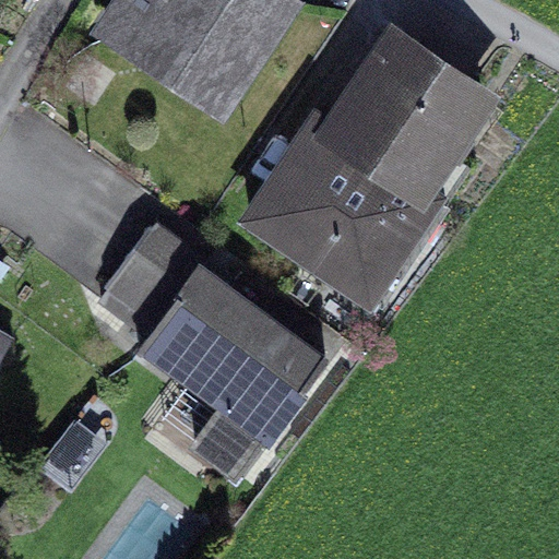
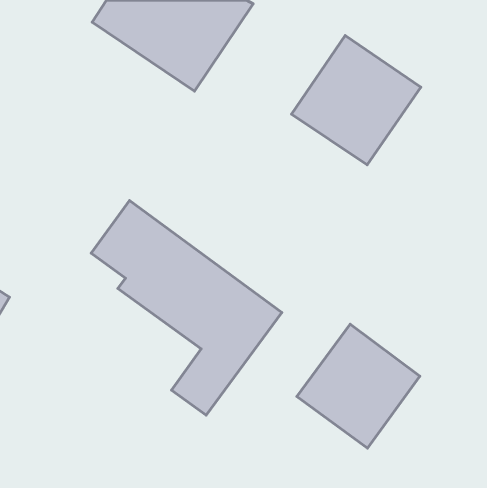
building: [247,121,433,302] -> none
building: none -> [297,324,420,448]

